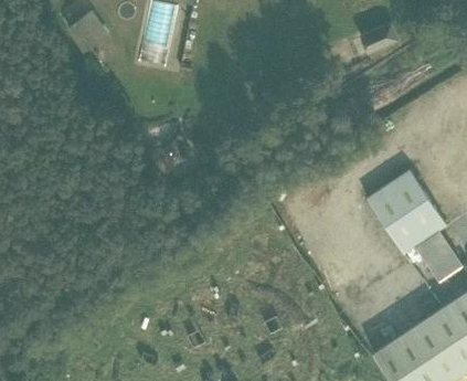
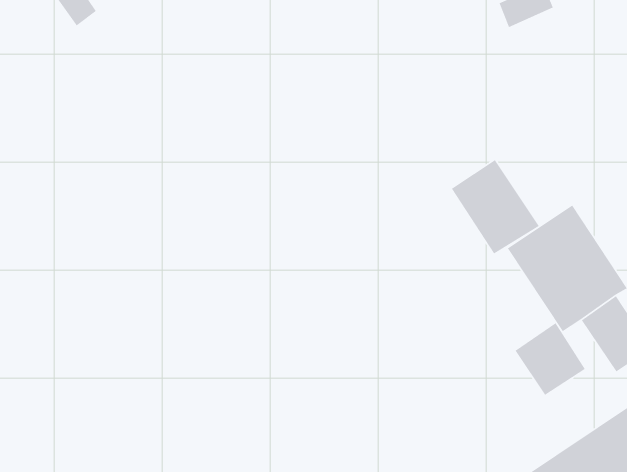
building: none -> [451,159,540,254]
building: none -> [514,322,586,396]

